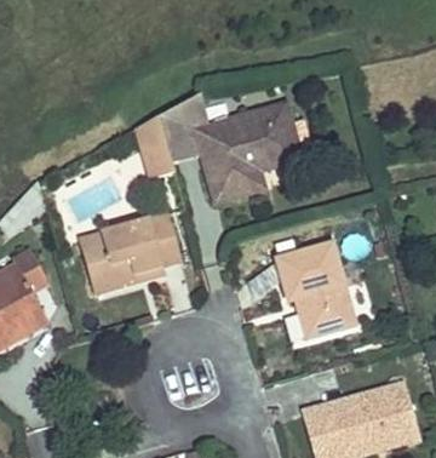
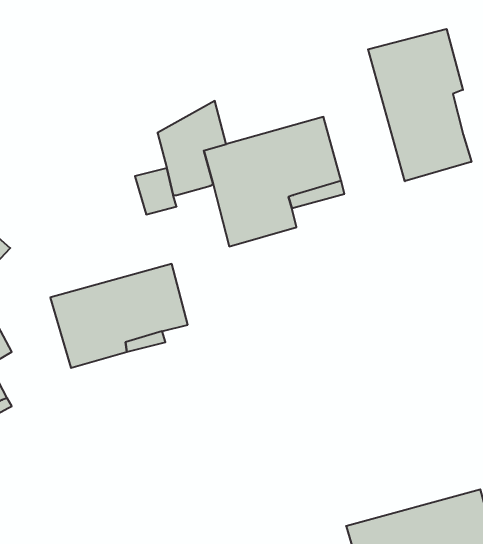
building: none -> [368,29,471,181]
building: [276,244,354,339] -> none

